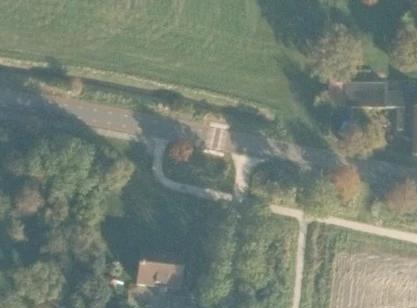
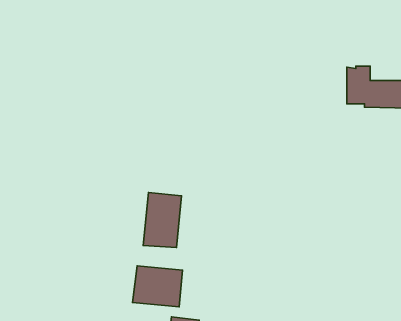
building: none -> [143,193,181,248]

